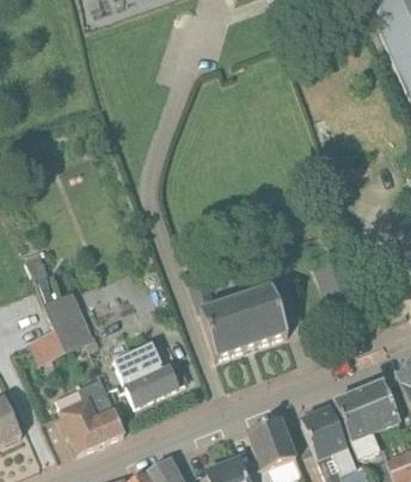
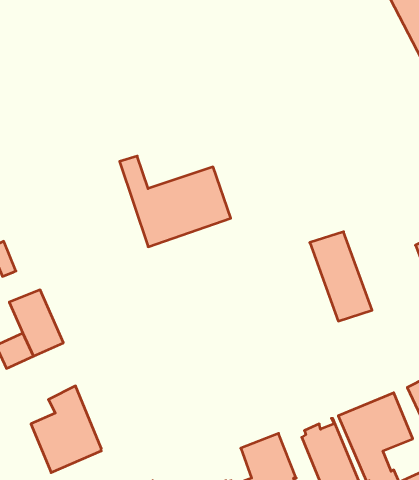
building: [190,279,288,359] -> [120,156,231,247]
building: [115,345,186,406] -> none

